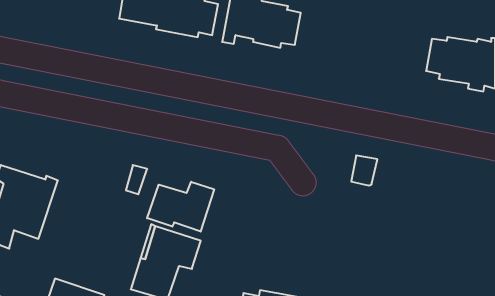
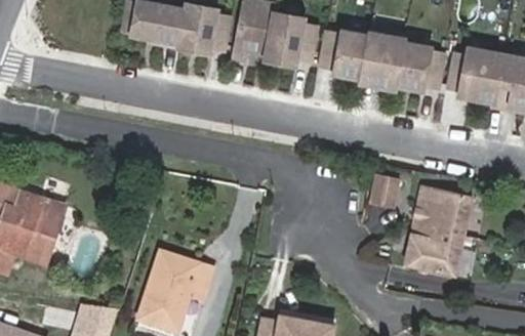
building: none -> [323,30,447,89]
building: none -> [408,188,474,276]
building: [147,182,214,232] -> none

